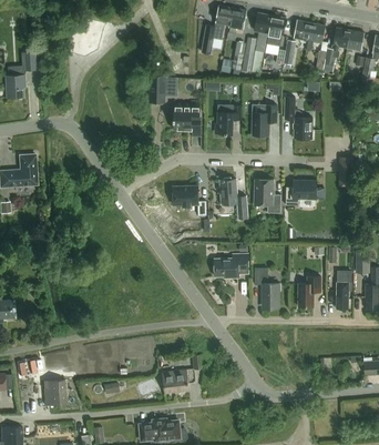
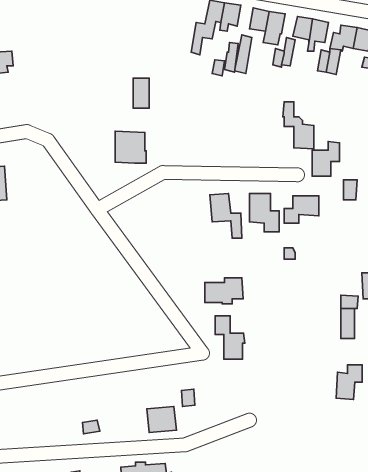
building: [173,101,201,130] -> [115,131,146,163]
building: [214,104,240,134] -> none
building: [252,104,276,135] -> [312,142,339,176]
building: [172,185,206,215] -> none
building: [254,267,280,306] -> [215,316,245,359]
building: [297,276,320,307] -> [336,365,362,399]
building: [43,380,64,406] -> none

